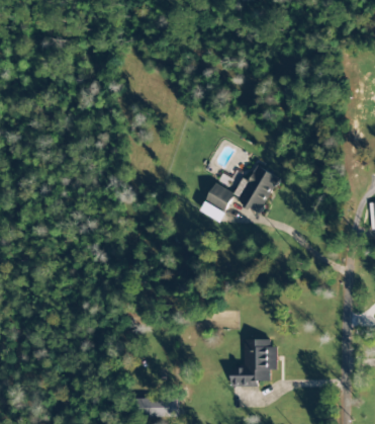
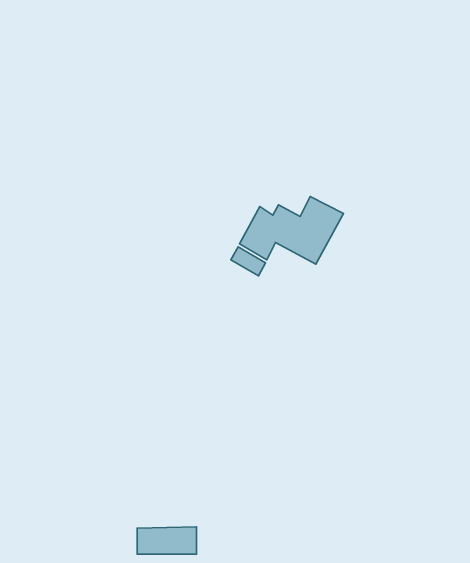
building: [228,339,275,386] -> none

